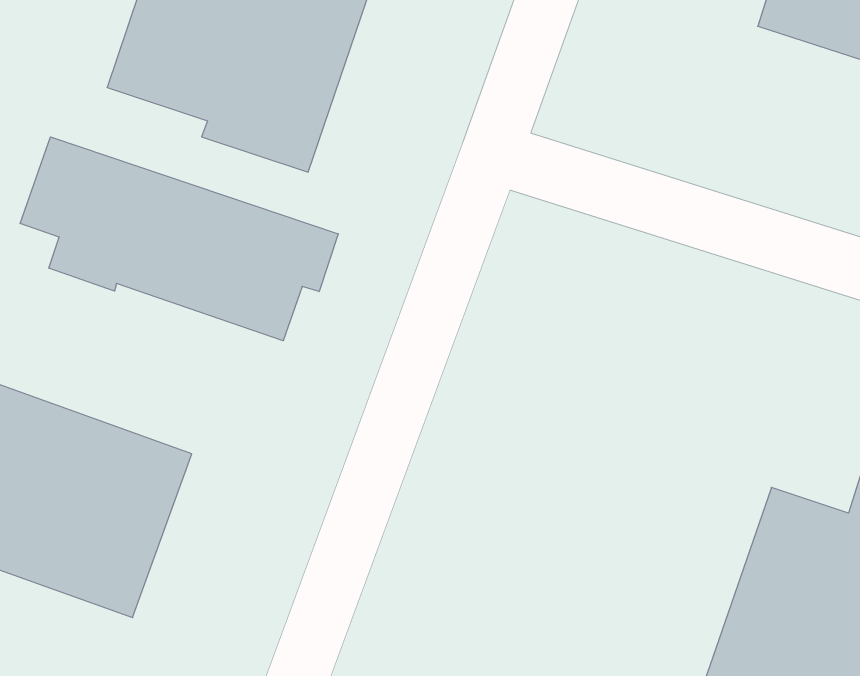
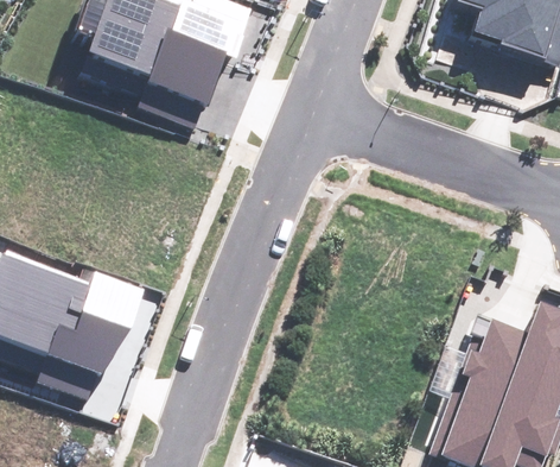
building: [20,137,338,341] -> none

